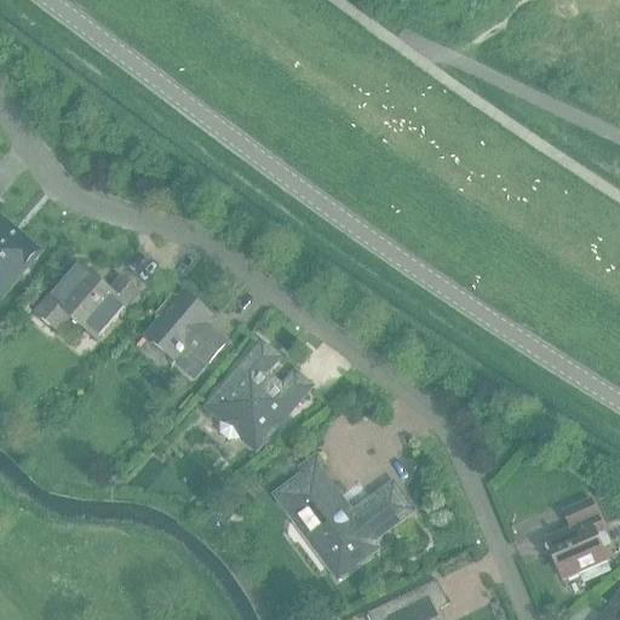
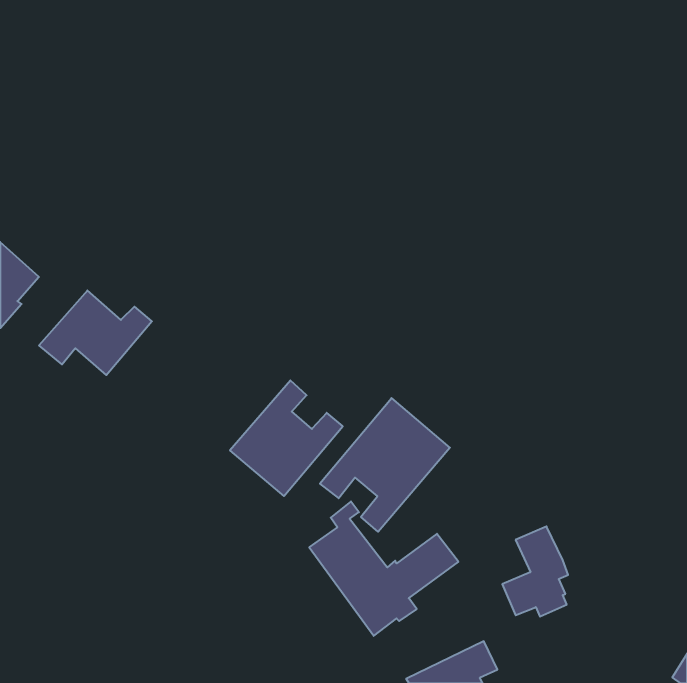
building: [150,289,225,363] -> none
building: none -> [320,398,450,532]
building: [550,498,609,579] -> [502,526,568,617]

